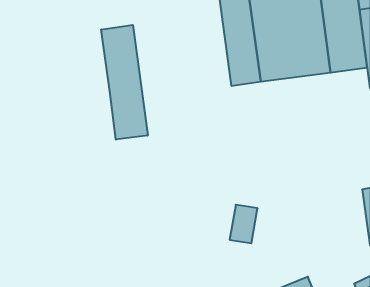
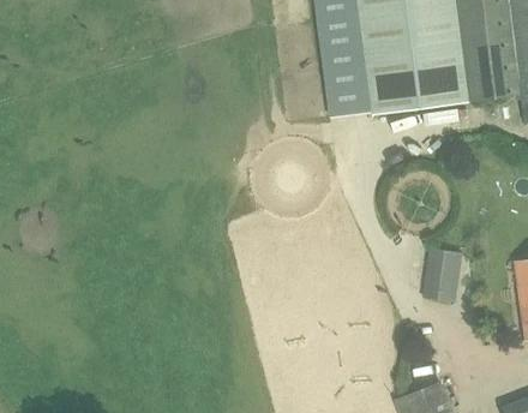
building: [101,25,148,140] -> none
building: [230,205,258,243] -> [424,250,462,303]

